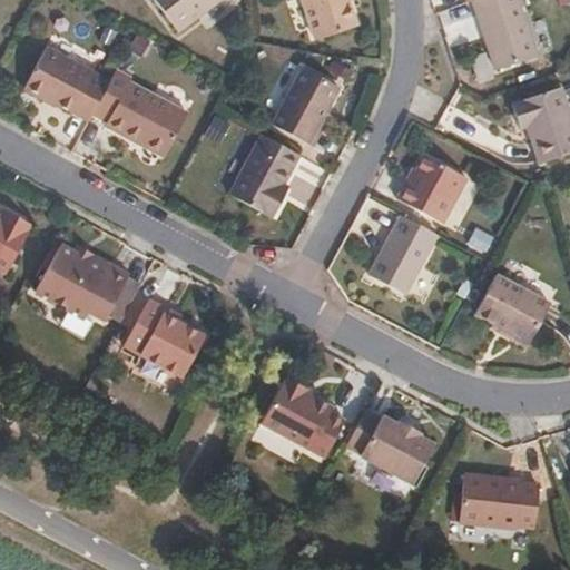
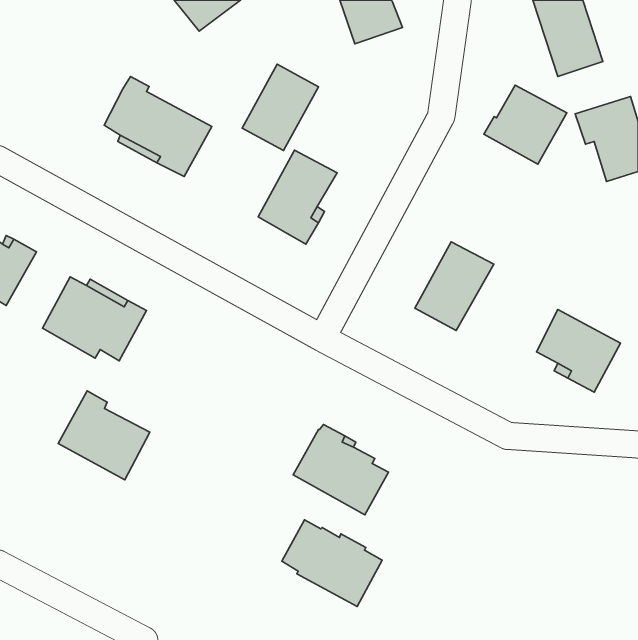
building: [23,45,109,119] -> none
building: [272,66,340,142] -> [242,64,319,151]
building: [397,154,471,224] -> [484,85,567,164]
building: [125,299,206,379] -> [58,391,150,480]
building: [346,409,435,485] -> [282,520,382,606]
building: [461,472,539,522] -> none

